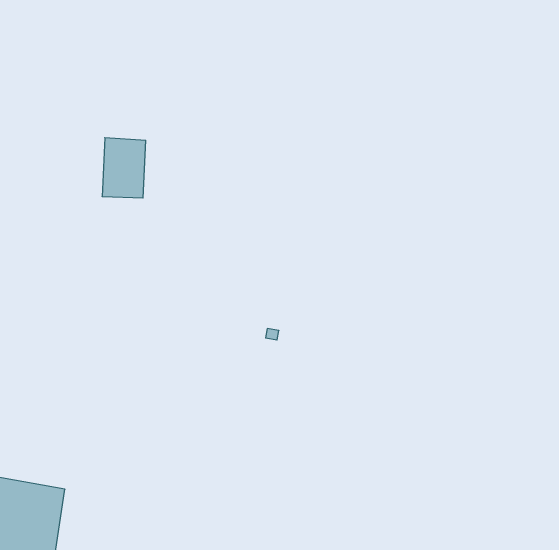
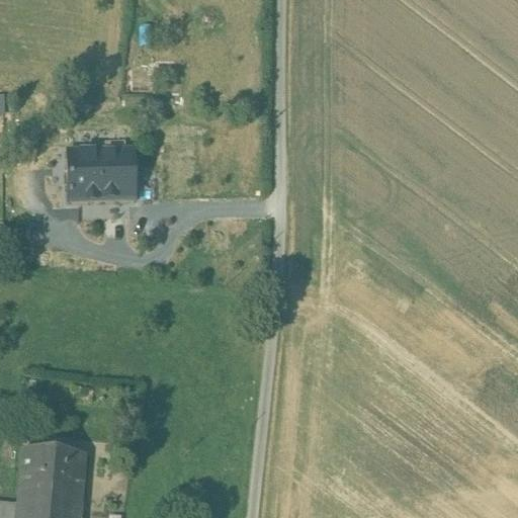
building: none -> [67,149,100,200]

